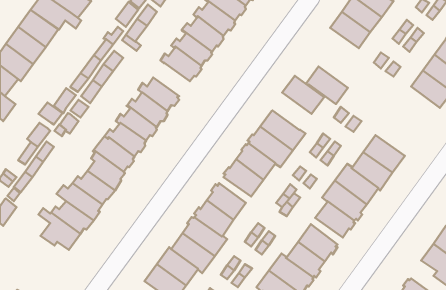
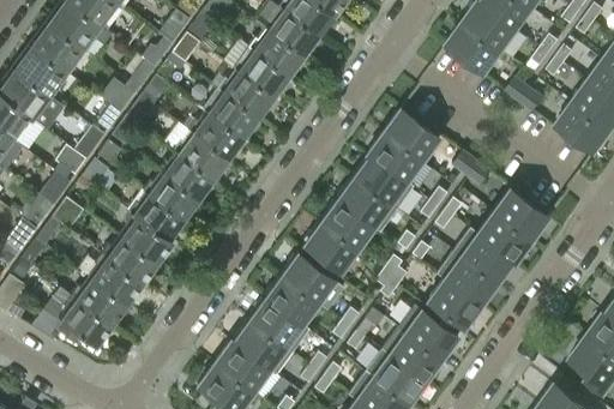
building: none -> [203,92,258,138]
building: [306,67,348,104] -> [366,133,422,184]

